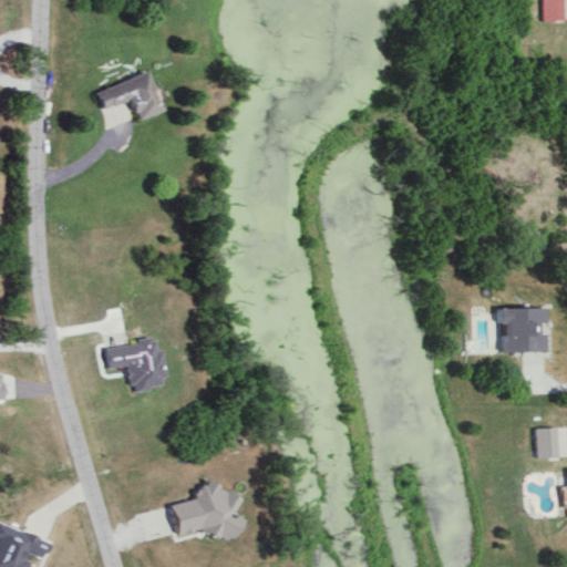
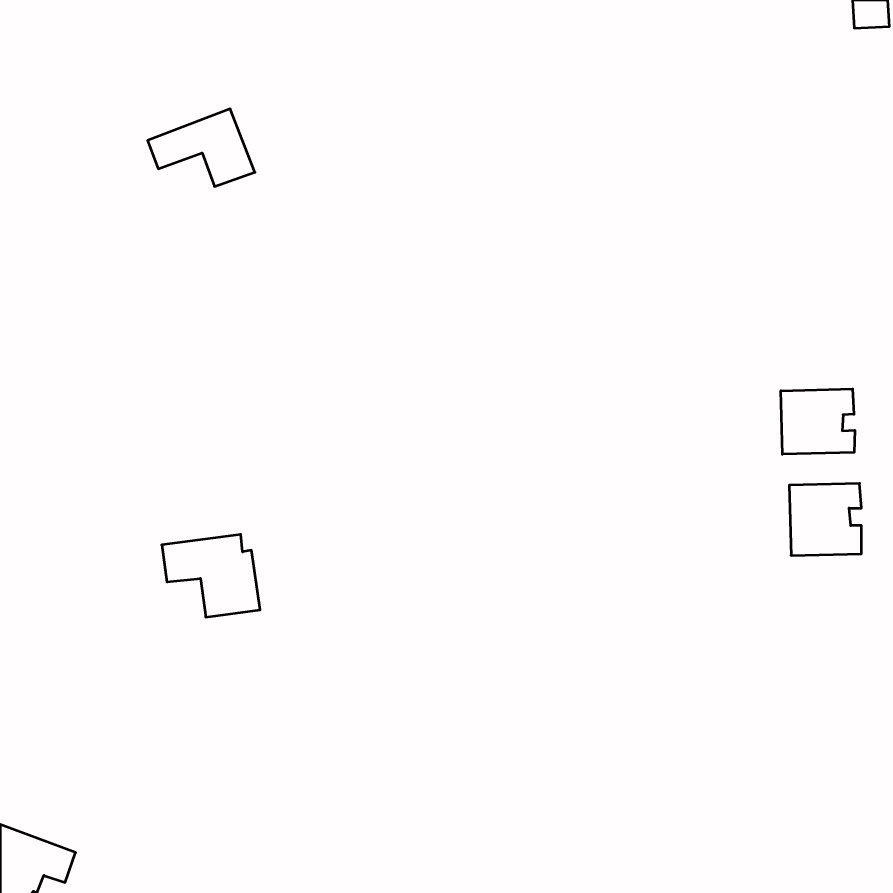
building: none -> [781,389,855,454]
building: [534,427,557,457] -> none
building: [171,477,243,539] -> none

